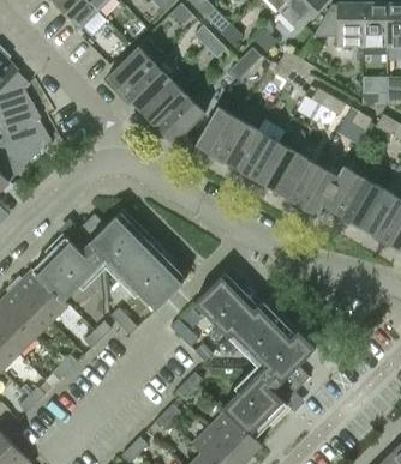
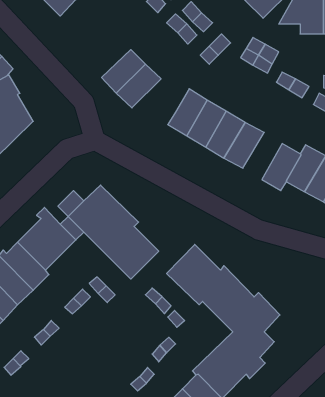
building: [107,47,155,95] -> none
building: [156,96,204,145] -> none
building: [275,153,317,204] -> none

